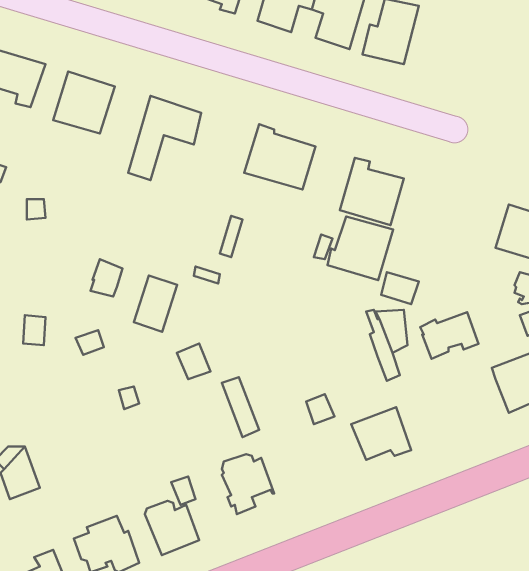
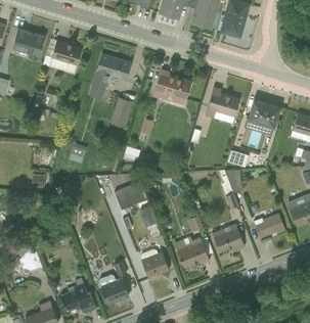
building: [327,217,393,280] -> [243,101,279,136]
building: [134,275,177,332] -> [109,97,133,128]
building: [420,312,478,359] -> [253,214,284,239]
building: none -> [174,237,209,268]

